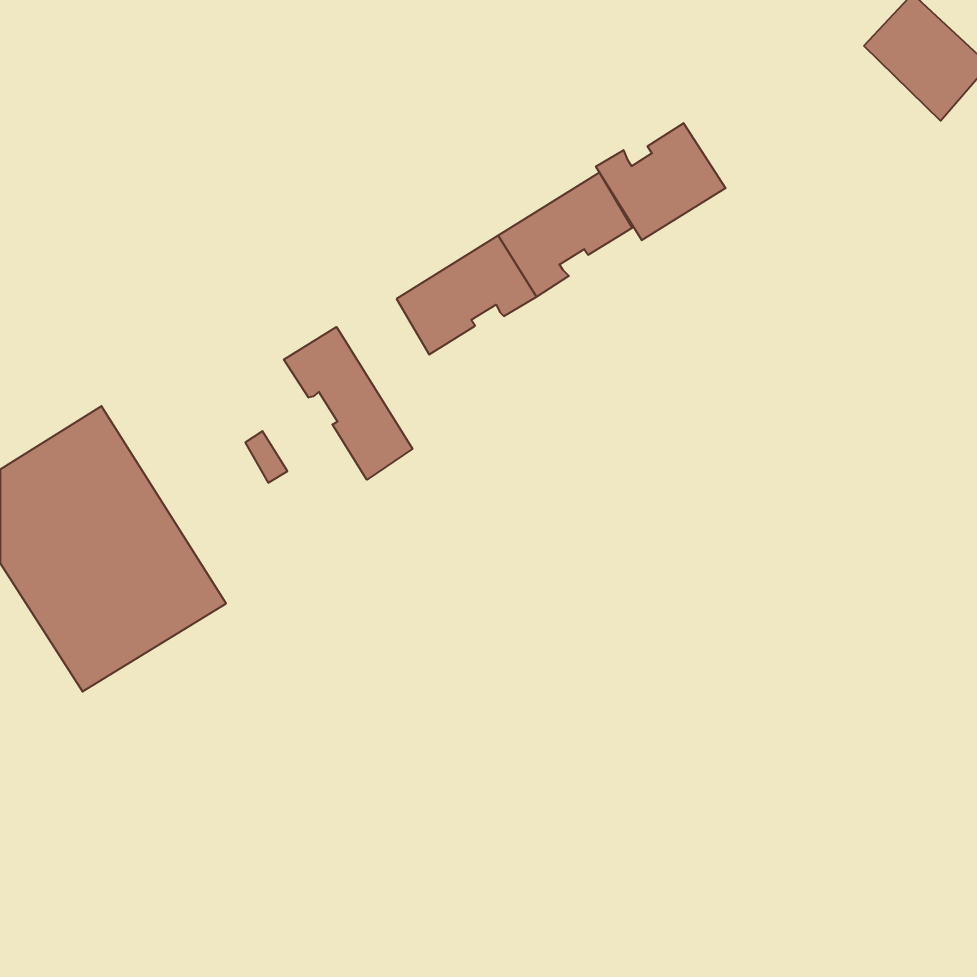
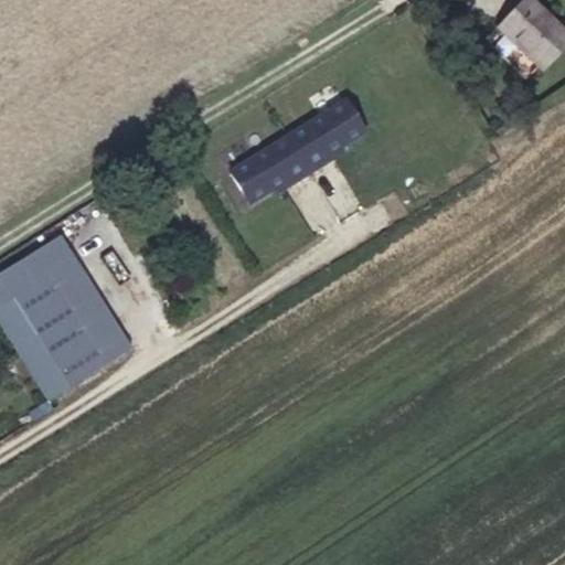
building: [596,123,726,240] -> none
building: [284,327,412,480] -> none

